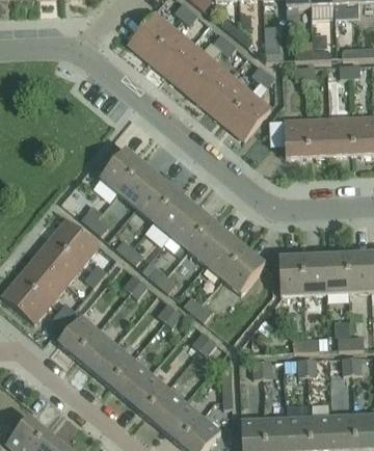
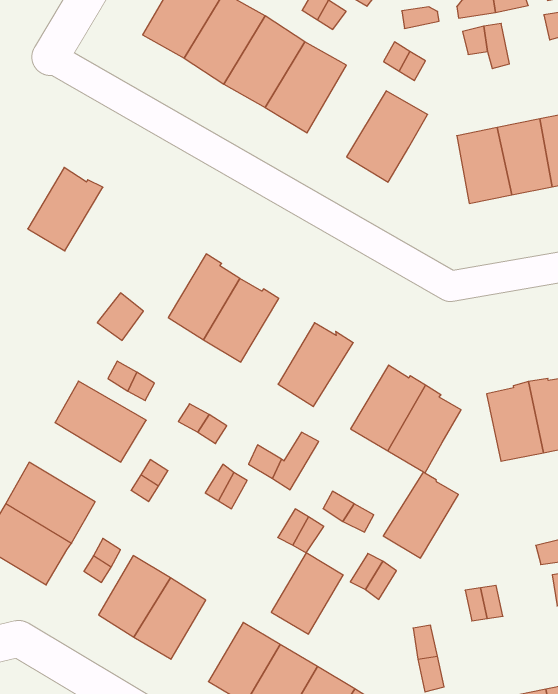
building: [206,75,250,123] -> none
building: [101,149,143,192] -> [28,167,103,251]
building: [153,191,194,236] -> none
building: [187,220,230,265] -> [383,472,458,558]
building: [34,238,82,283] -> none
building: [92,343,133,386] -> [271,553,343,634]

